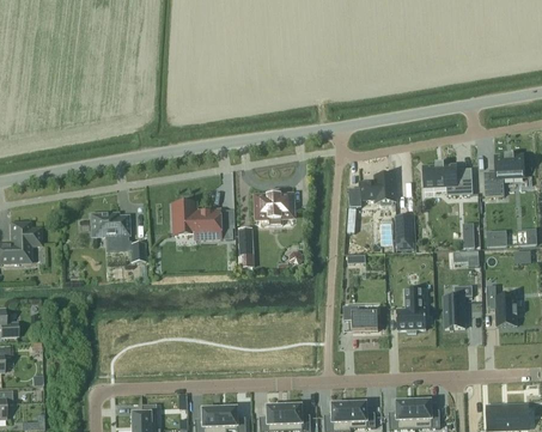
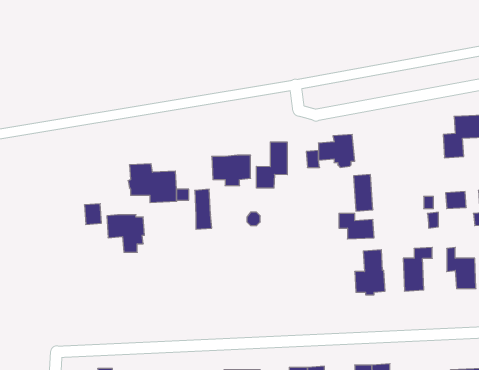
building: [422,162,473,195] -> none
building: none -> [257,142,287,188]
building: [91,213,128,250] -> [107,215,144,252]
building: [343,305,378,330] -> [339,213,374,239]

